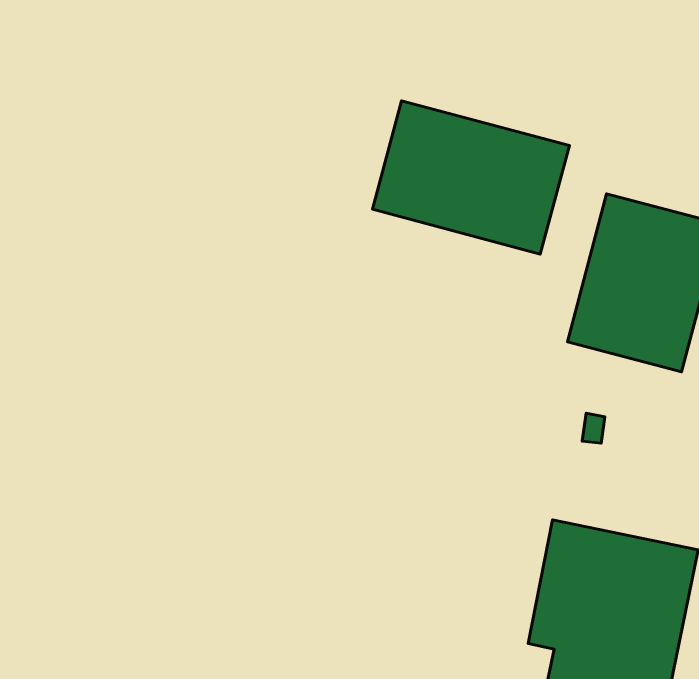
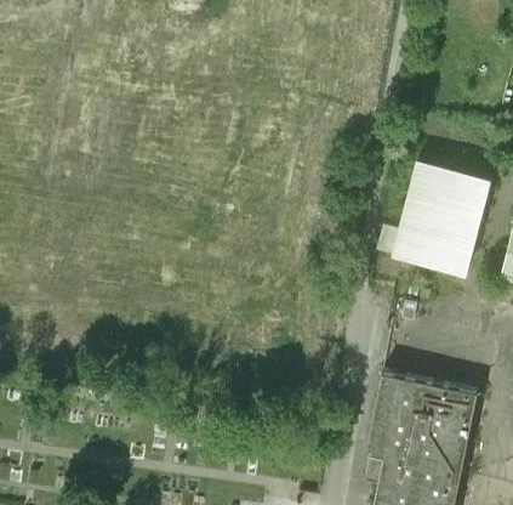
building: [372,101,570,254] -> none

